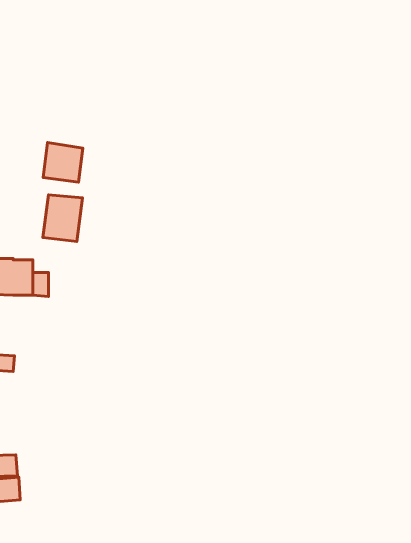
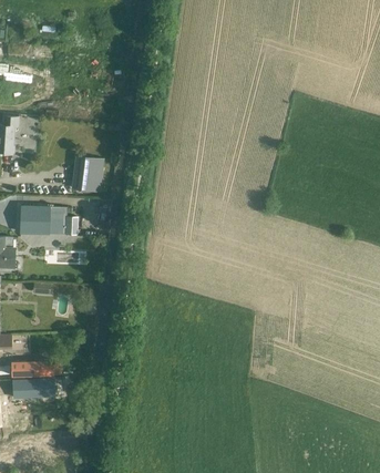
building: [43,143,83,182] -> none

